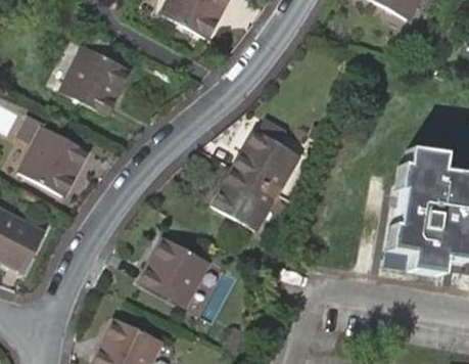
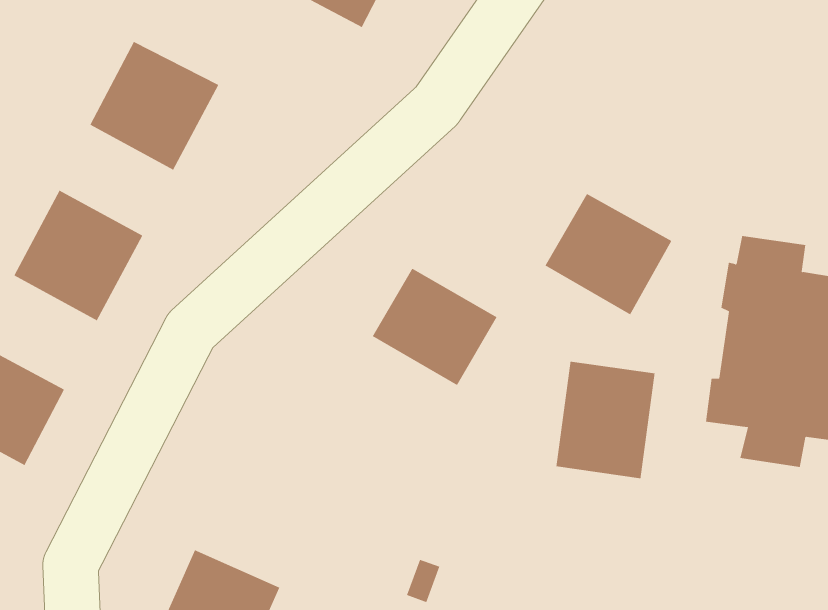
building: [232,129,300,194] -> [545,193,672,315]
building: none -> [556,361,655,479]
building: [141,237,209,306] -> none

